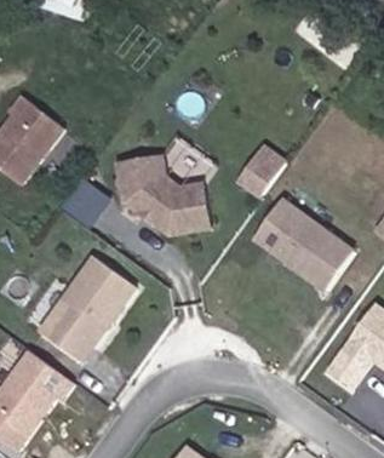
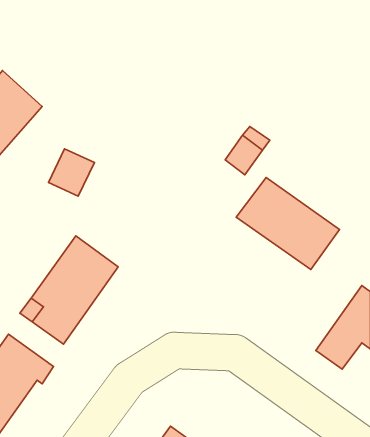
building: [115,158,207,235] -> none

